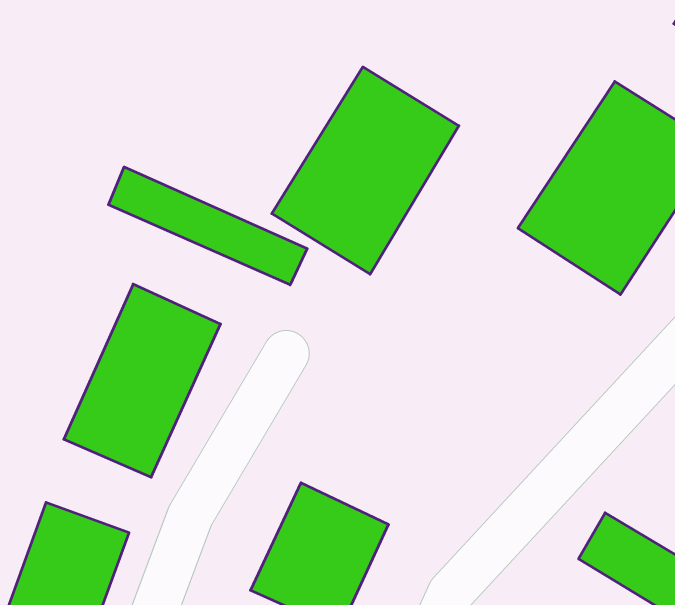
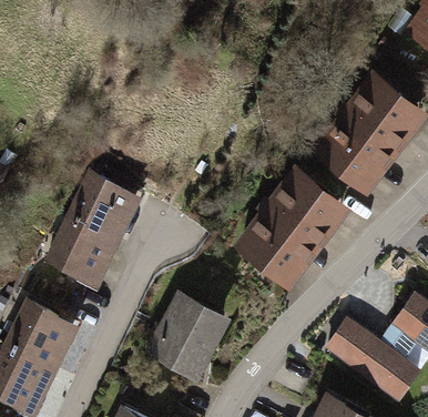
building: [272,67,459,274] -> [235,173,345,292]
building: [108,167,307,285] -> none

